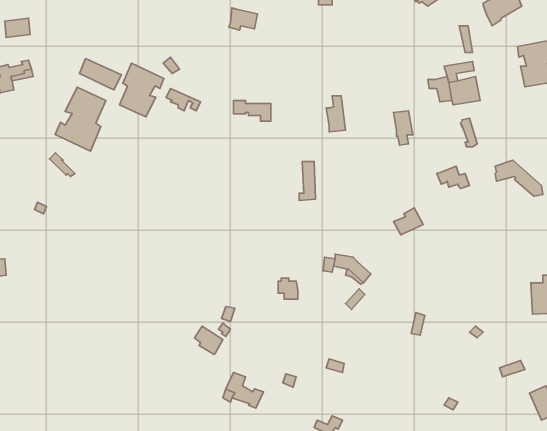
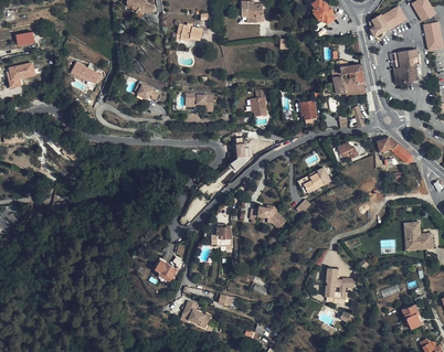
building: [119,63,164,117] -> none
building: [55,87,106,151] -> none
building: none -> [321,275,352,303]

